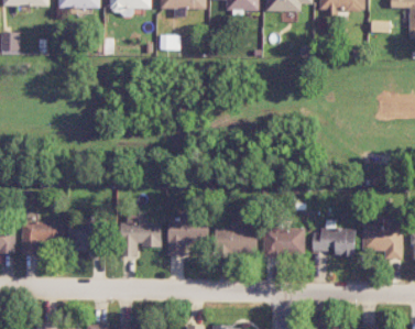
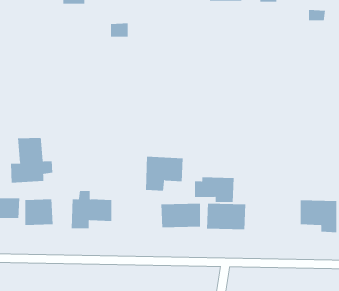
building: none -> [11,137,53,184]
building: [167,218,208,255] -> [145,156,183,191]
building: [313,228,356,255] -> [194,177,235,203]

